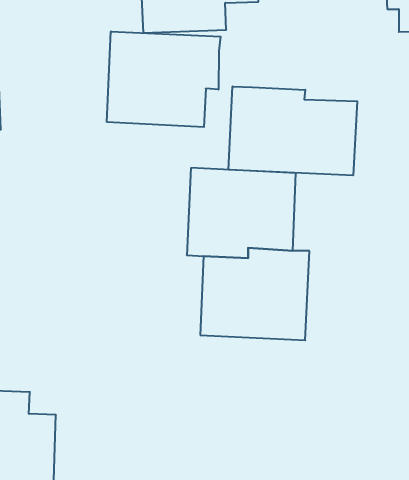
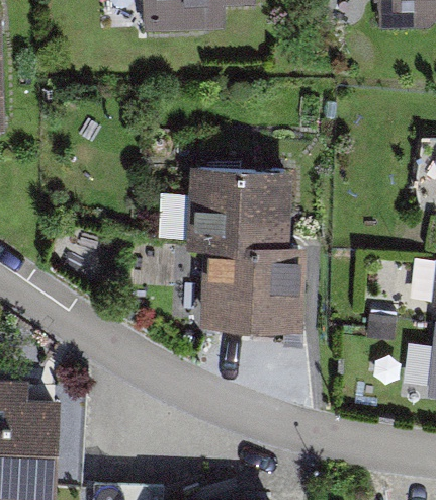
building: [107,31,221,127] -> none
building: [229,86,357,175] -> none

